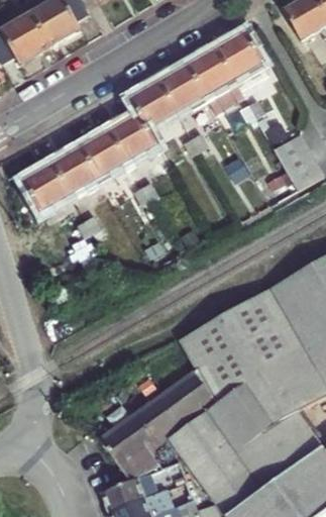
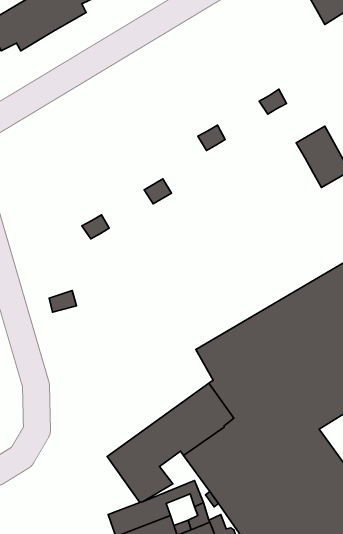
building: [24,31,267,210] -> none

